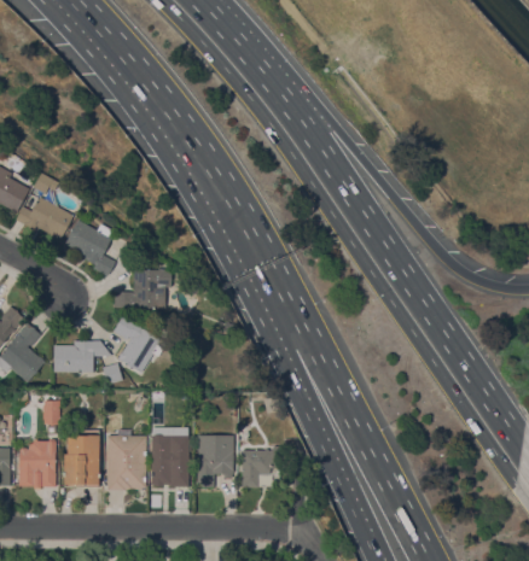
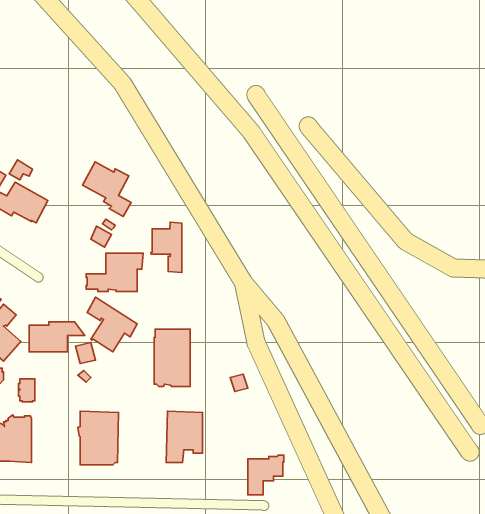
building: [65,220,116,276] -> [82,162,131,217]
building: none -> [151,222,182,273]
building: [152,427,190,486] -> [154,329,190,386]
building: [65,429,100,487] -> none
building: [243,446,280,487] -> [248,455,284,495]

